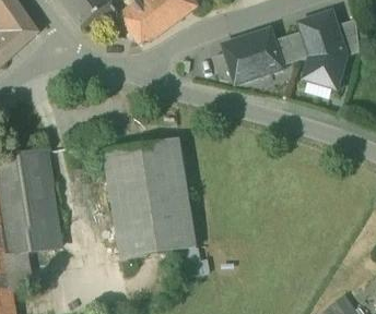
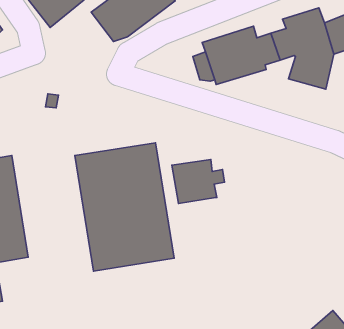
building: none -> [172,160,224,204]

